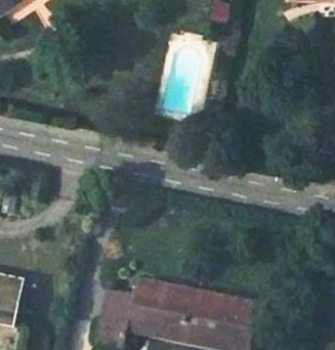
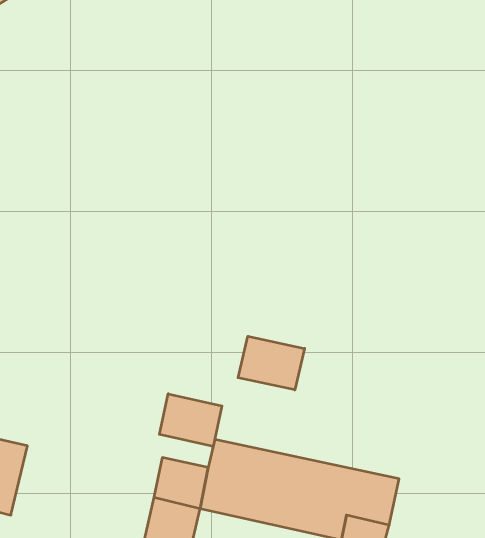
building: none -> [238,336,305,390]
building: none -> [159,394,222,447]

